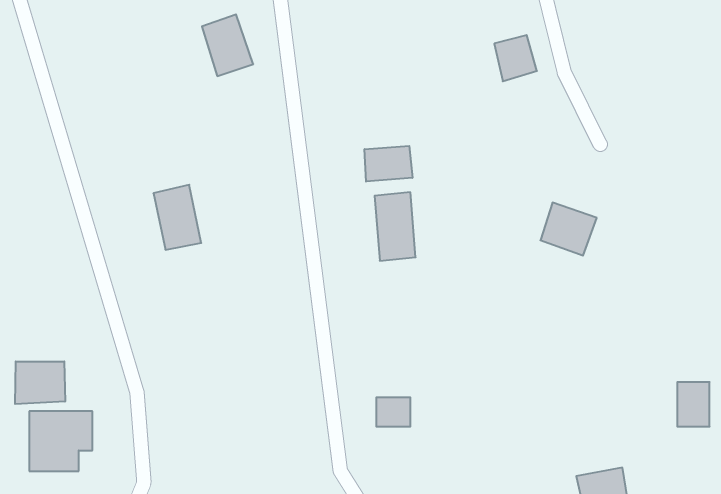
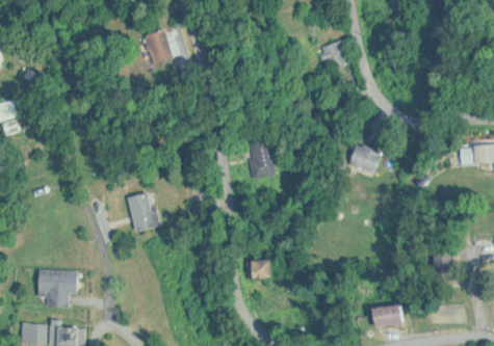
building: [365,146,412,182] -> none
building: [153,185,201,250] -> [127,192,156,232]
building: [15,361,65,404] -> none

